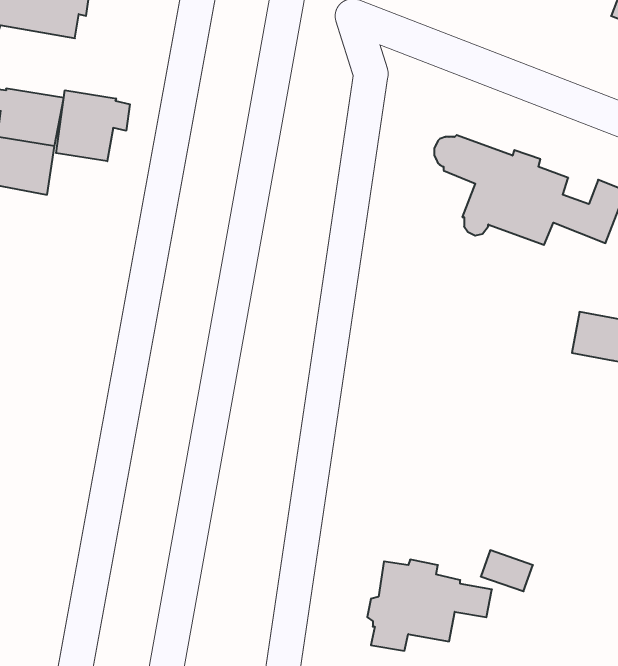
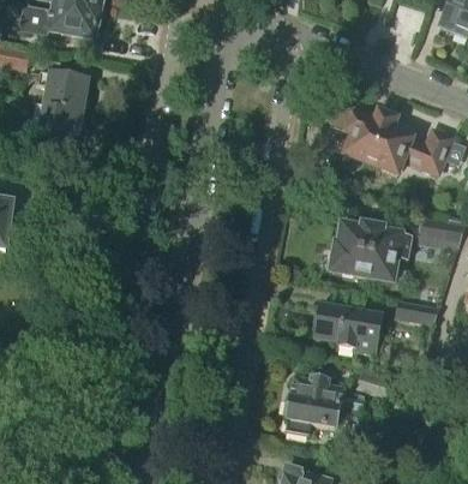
building: [56,90,130,161] -> none
building: none -> [334,226,412,281]
building: none -> [395,298,436,323]
building: none -> [317,303,383,353]

